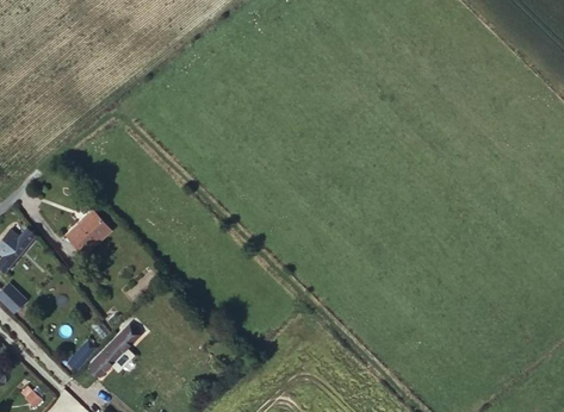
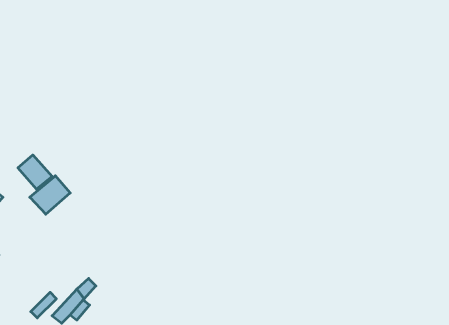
building: none -> [18,155,52,189]

